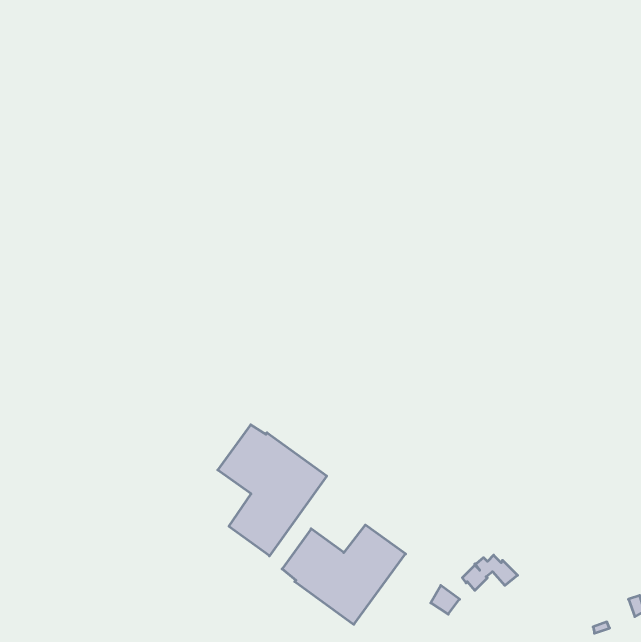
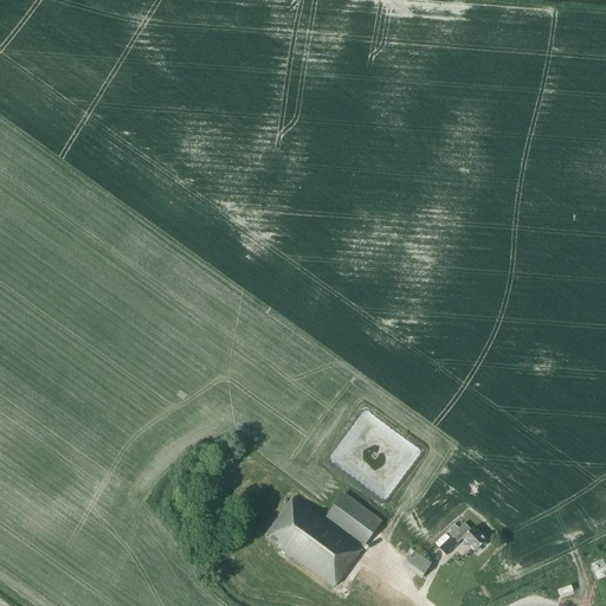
building: [218,425,327,556] -> none

